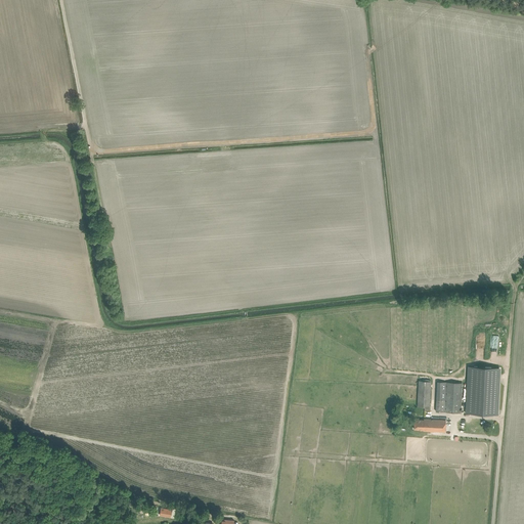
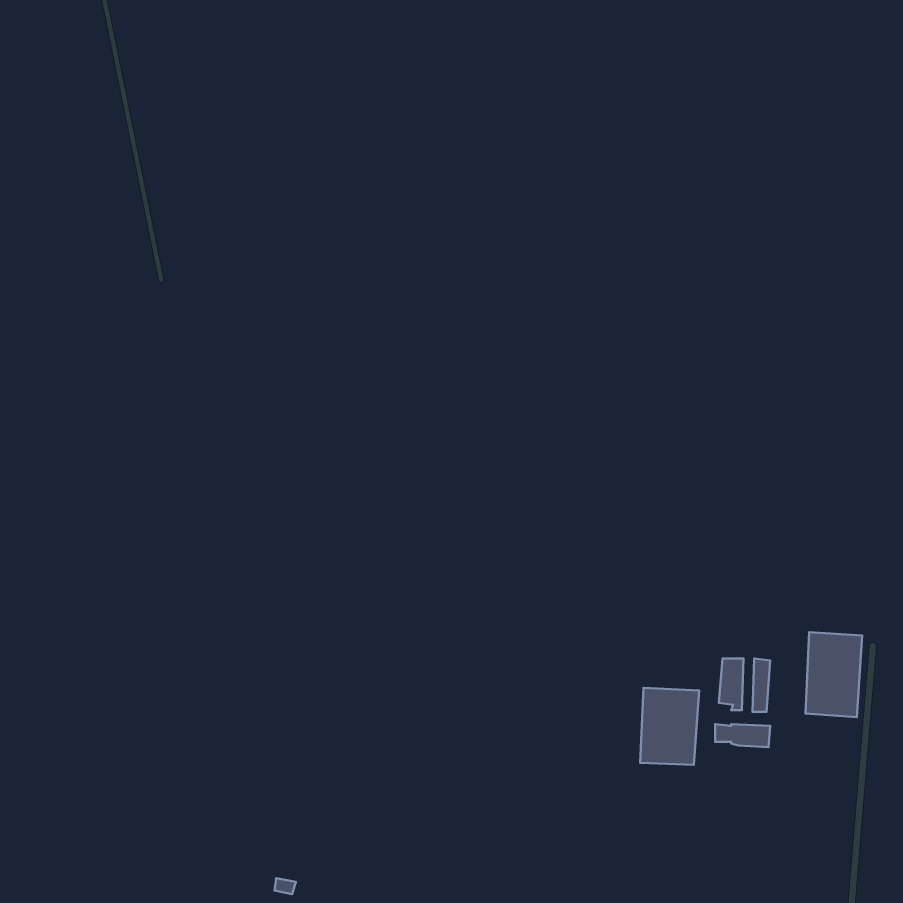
building: [444,383,461,413] -> none
building: none -> [640,688,699,765]

